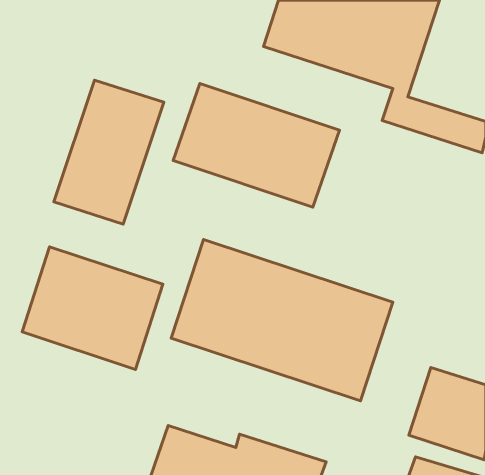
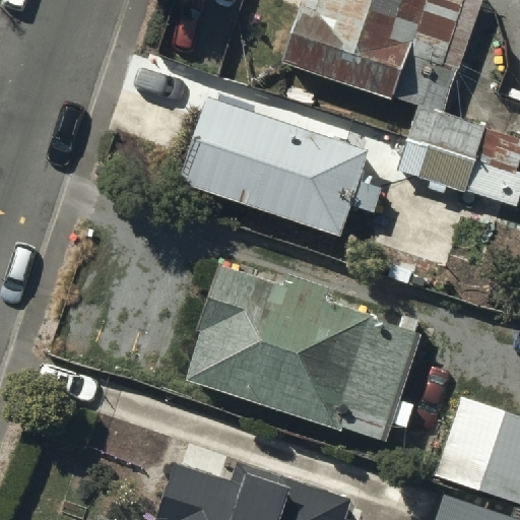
building: [54,80,164,224] -> none
building: [22,247,163,369] -> none

